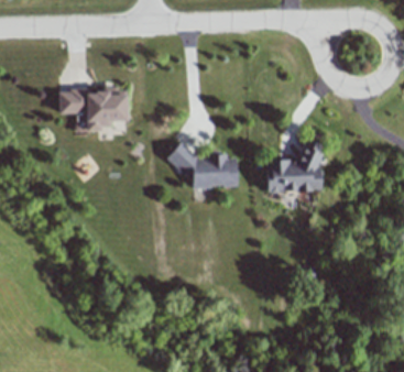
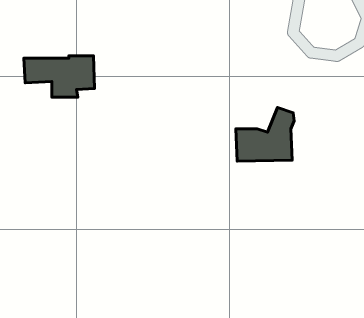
building: [167,143,239,189] -> none

